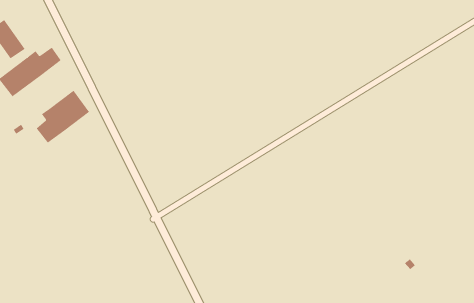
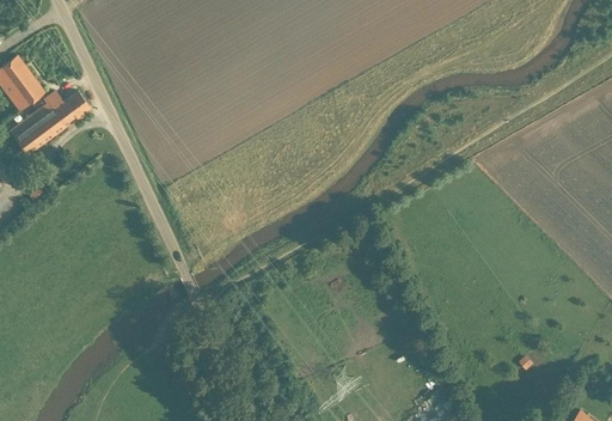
building: [36,90,90,144] -> none

